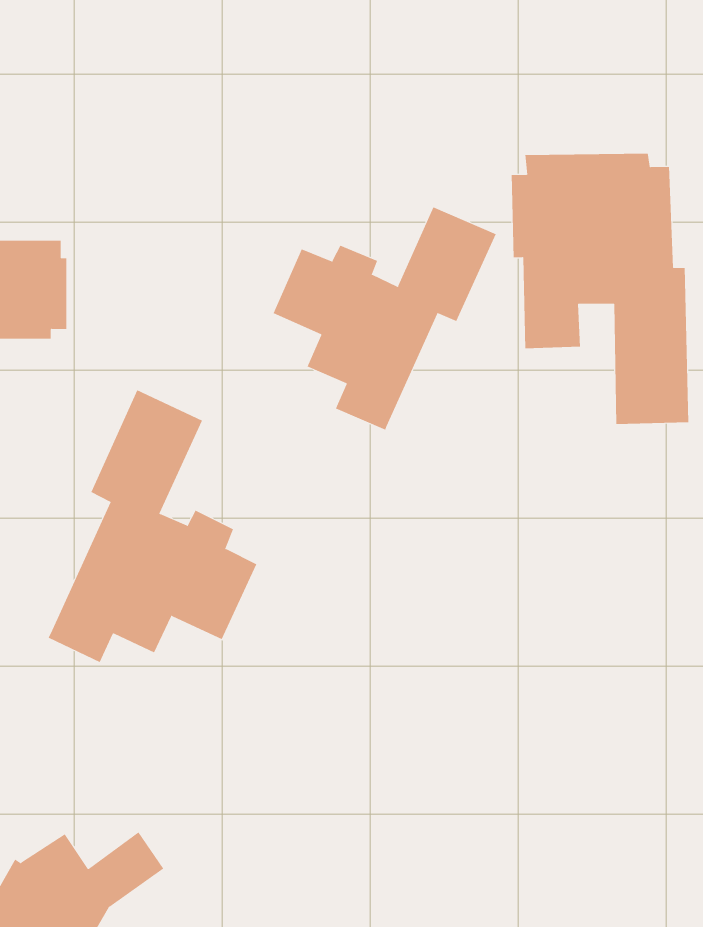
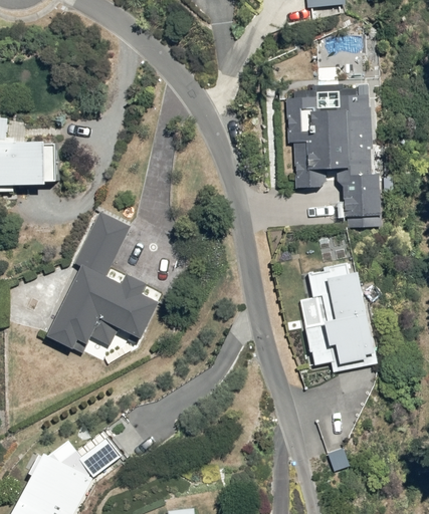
building: [273,206,496,430] -> none
building: none -> [306,264,382,372]

